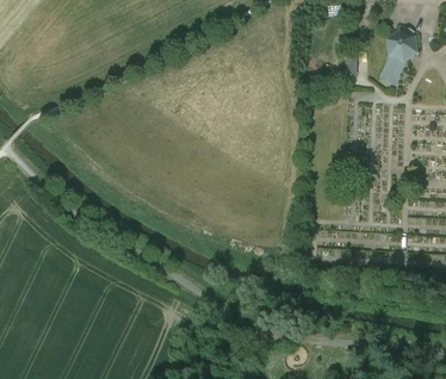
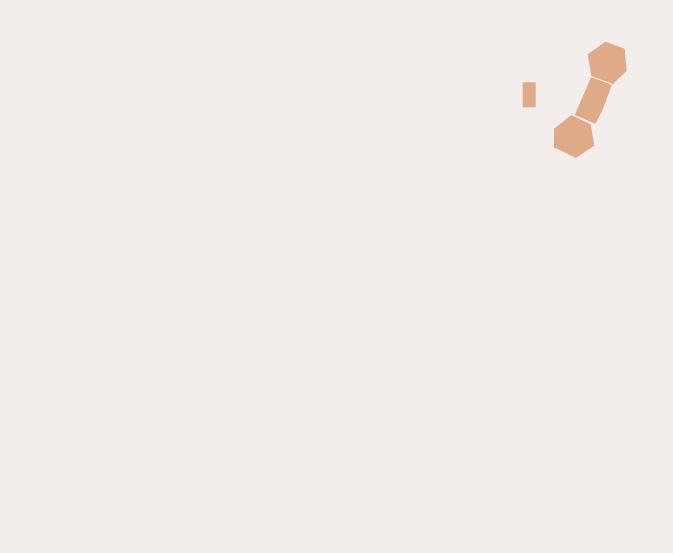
building: none -> [554,114,595,159]

